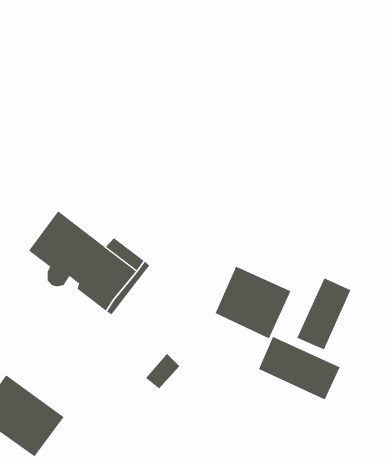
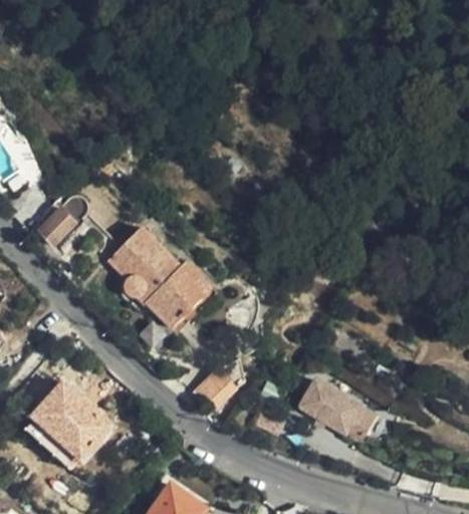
building: [215,266,291,339] -> none
building: [297,277,351,350] -> none

